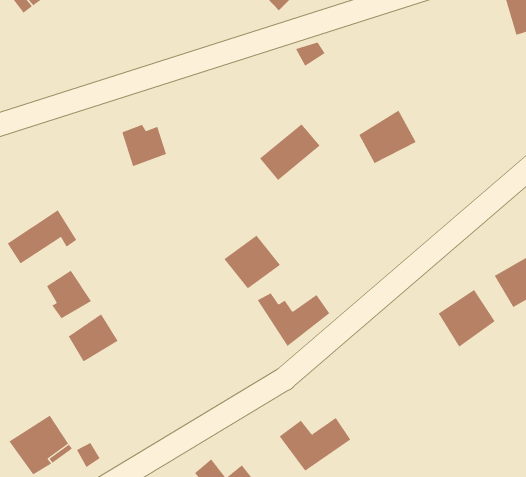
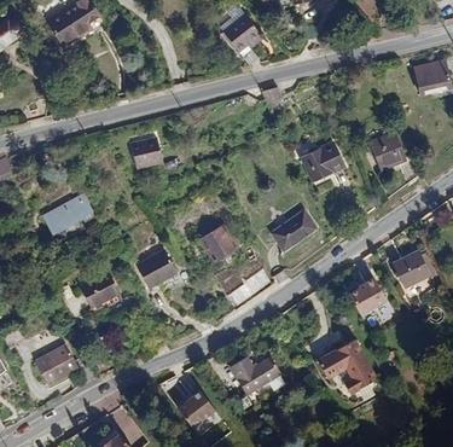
building: none -> [368,129,406,170]
building: [259,123,320,181] -> [271,209,315,249]
building: [46,270,92,319] -> none
building: none -> [137,248,178,285]
building: none -> [316,344,376,399]

